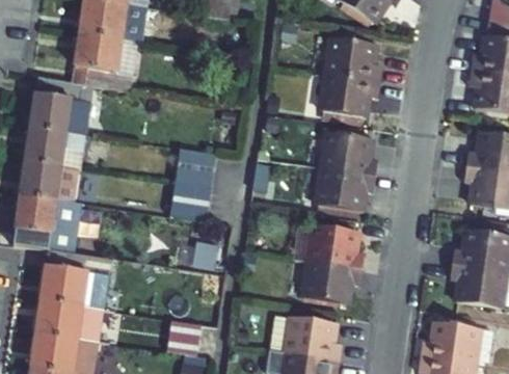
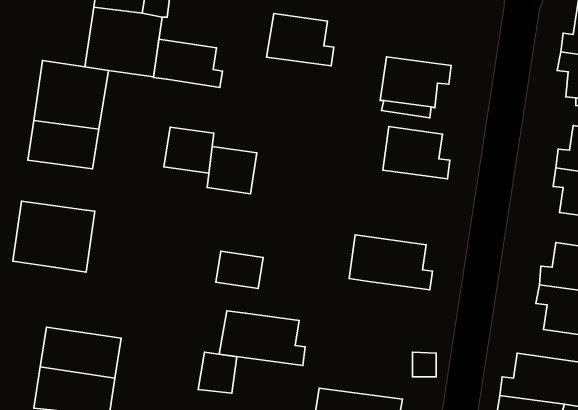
building: [324,37,380,81] -> [266,14,334,66]
building: none -> [153,39,222,87]
building: [20,160,79,202] -> none
building: [315,168,375,216] -> none
building: [169,183,211,221] -> [164,127,214,173]
building: [41,249,111,309] -> none
building: [302,261,360,306] -> none
building: [268,314,340,359] -> [219,311,305,365]

